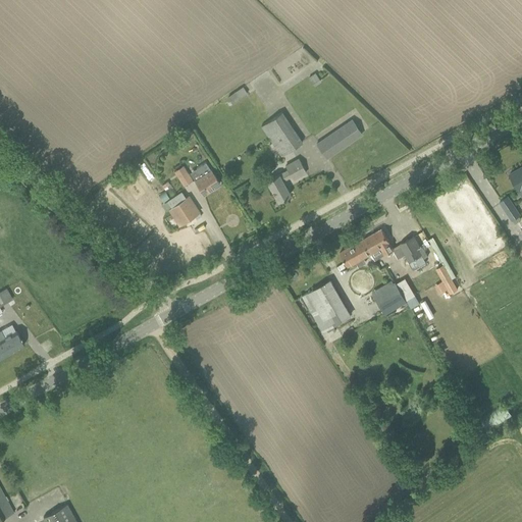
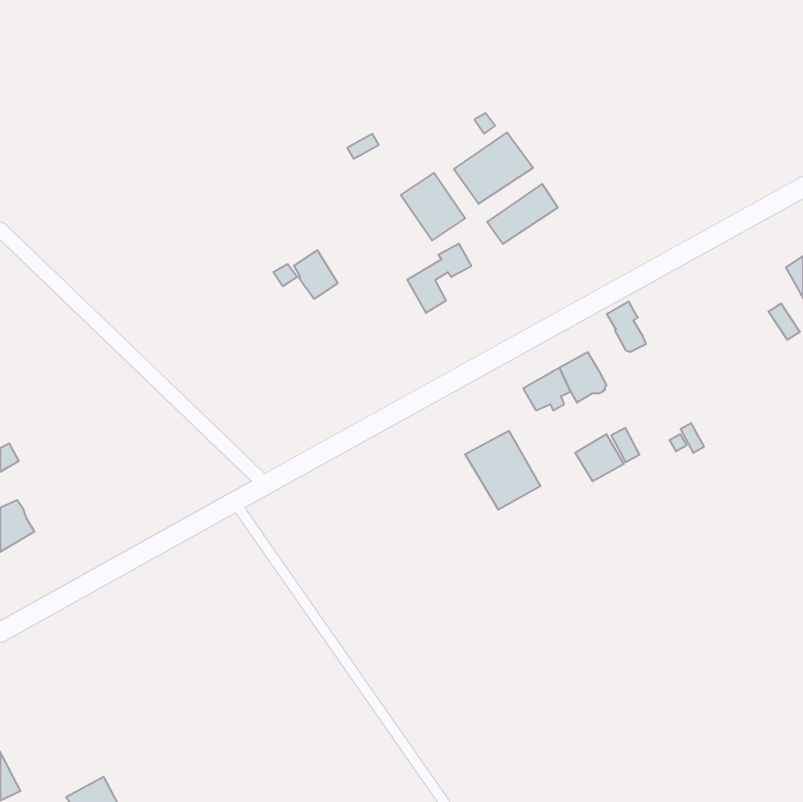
building: none -> [454,132,533,204]
building: [167,193,200,226] -> none
building: [400,237,425,269] -> [607,301,646,352]

